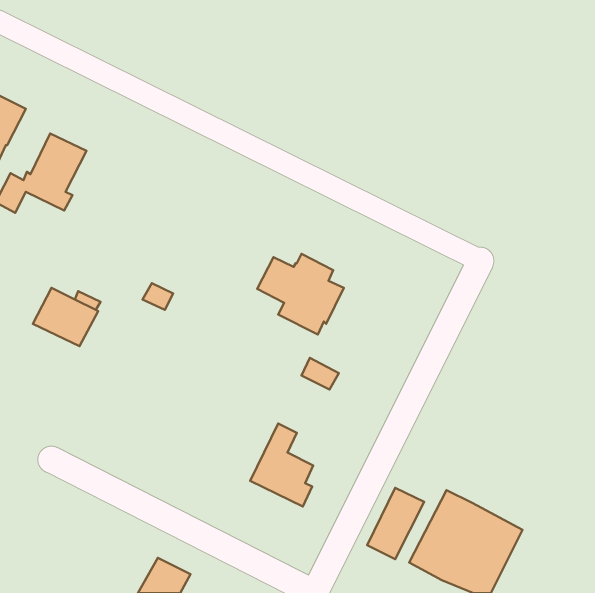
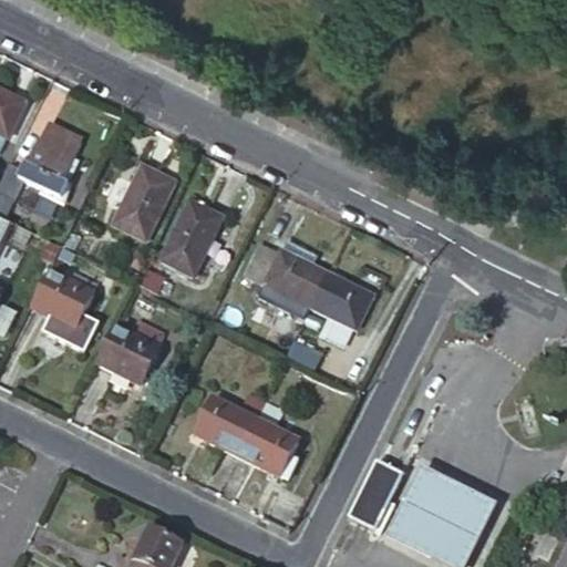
building: none -> [112,166,173,239]
building: none -> [159,202,220,275]
building: none -> [309,272,372,330]
building: none -> [96,320,164,384]
building: none -> [194,392,264,455]

